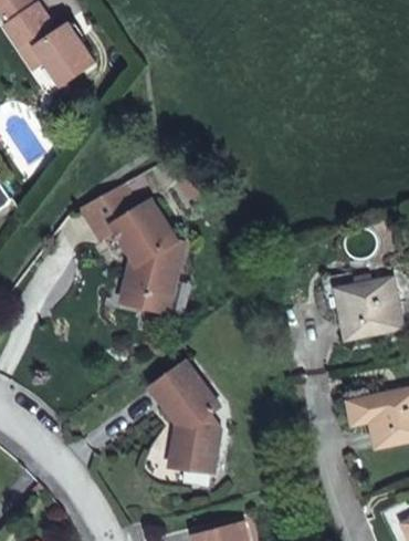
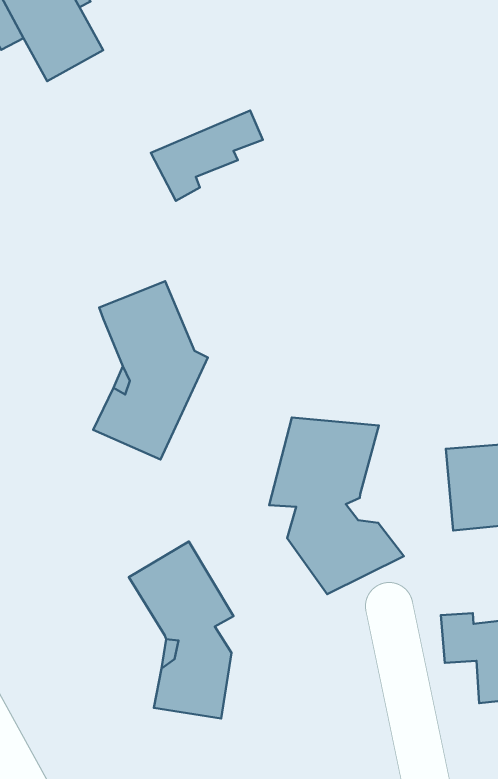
building: [81,176,150,238] -> [151,110,263,201]
building: none -> [269,418,404,594]

